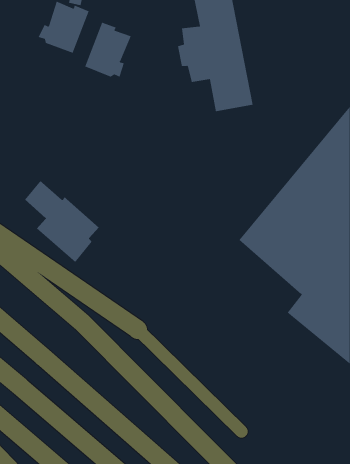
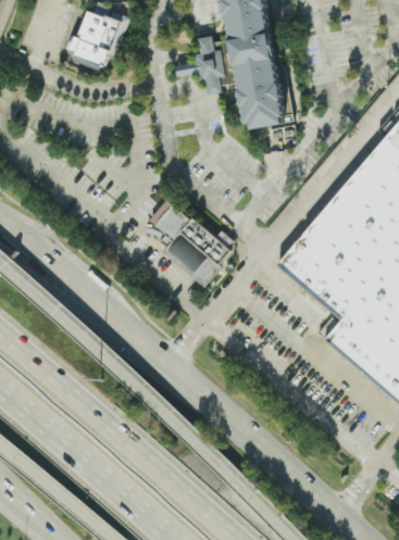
building: [85,22,132,78] -> none
building: [24,180,100,263] -> [150,198,232,287]

